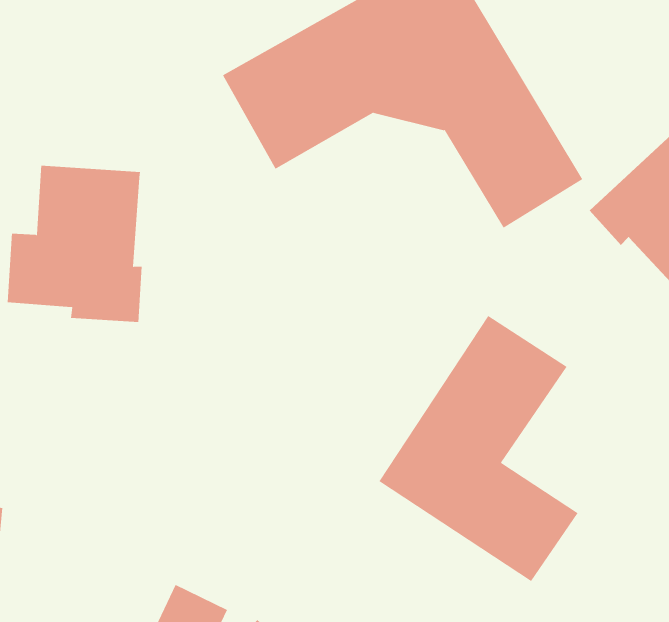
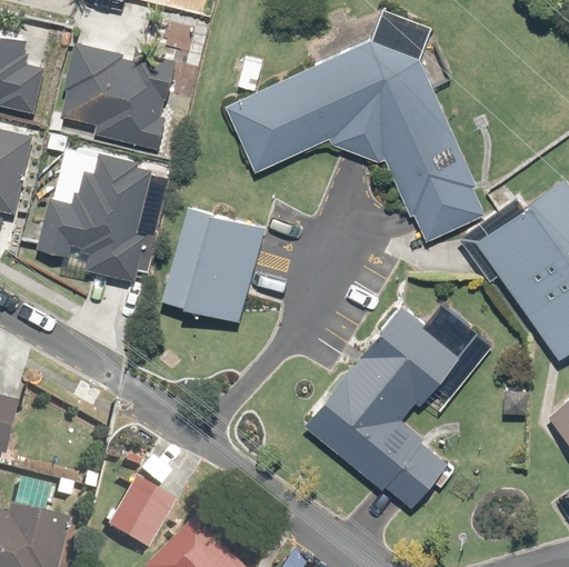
building: none -> [56,42,173,149]
building: none -> [161,209,267,326]

